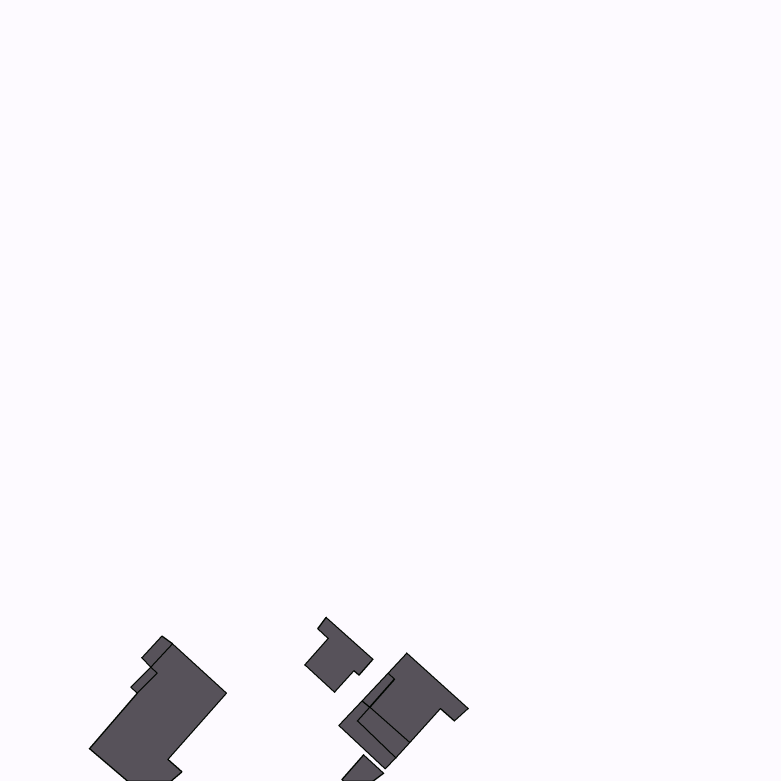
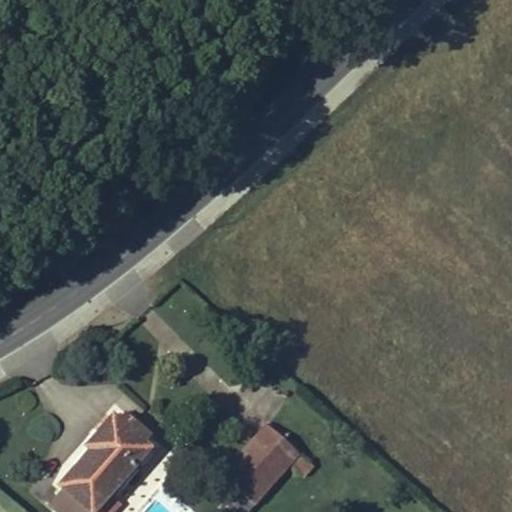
building: [305,617,373,692] -> none

